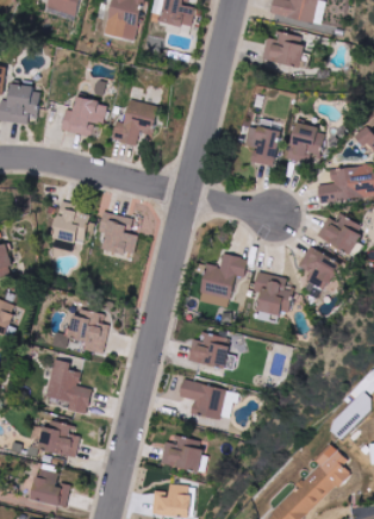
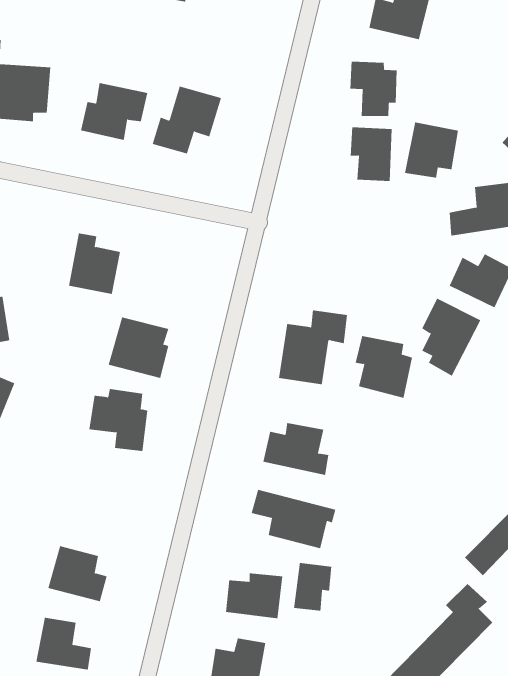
building: none -> [350,61,397,117]
building: [95,213,138,256] -> [108,317,169,378]
building: [44,359,92,414] -> none
building: none -> [293,562,332,611]

